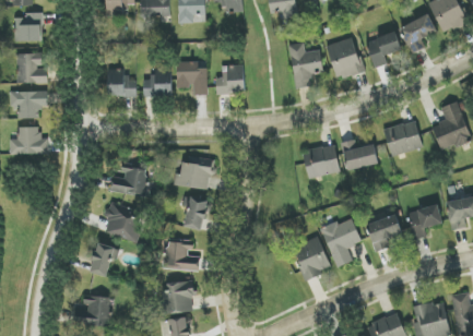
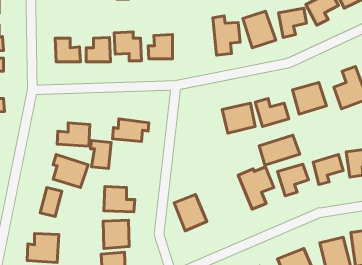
building: none -> [259,135,300,165]
building: [182,196,206,229] -> [91,140,111,169]
building: [293,237,331,279] -> [174,194,207,231]

